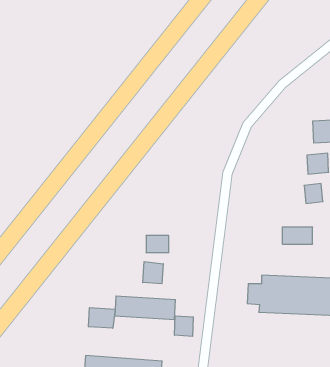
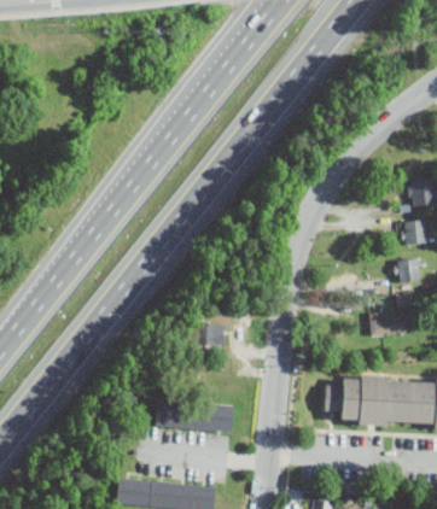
building: [143,262,163,284] -> none
building: [88,308,115,328] -> none
building: [175,316,193,336] -> none

